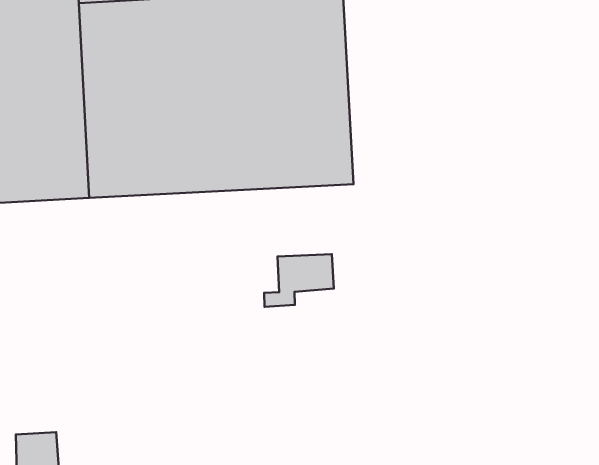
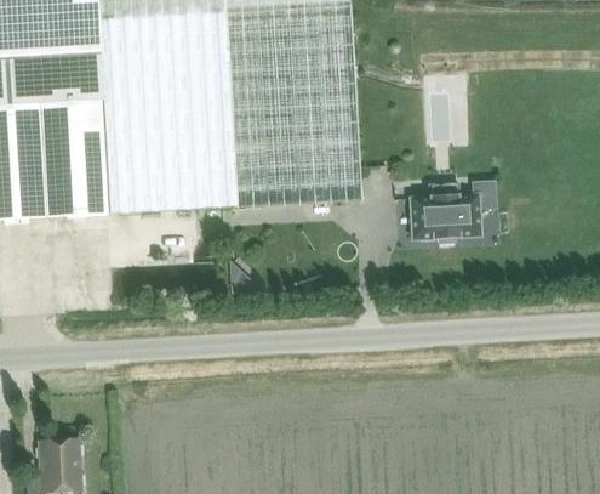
building: none -> [408,180,495,238]
building: [264,254,334,307] -> none

